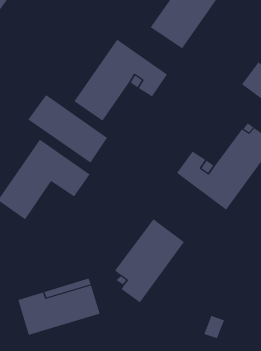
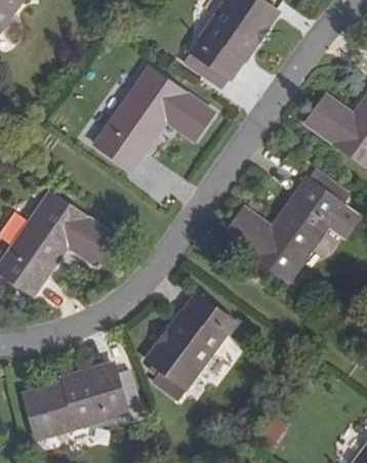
building: [28,94,108,164] -> none

